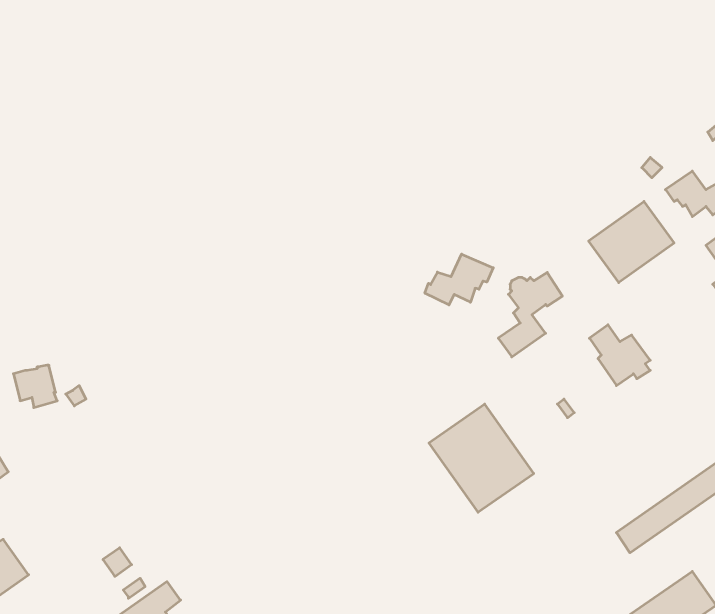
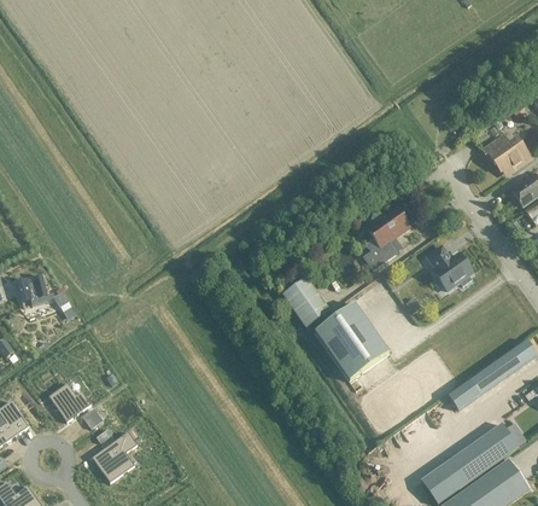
building: [589,201,674,283] -> none
building: [425,254,493,305] -> none
building: none -> [282,277,331,328]
building: none -> [48,382,90,420]

